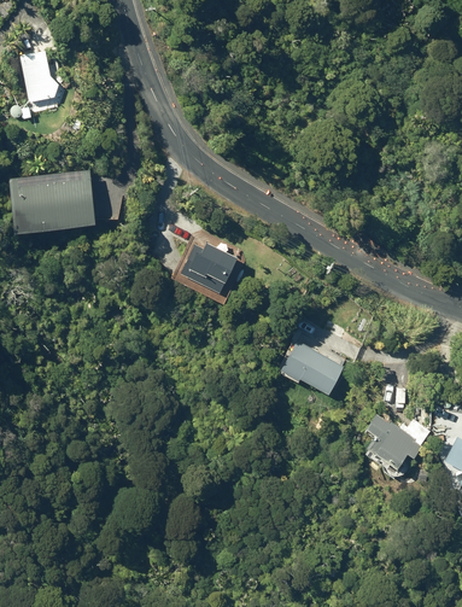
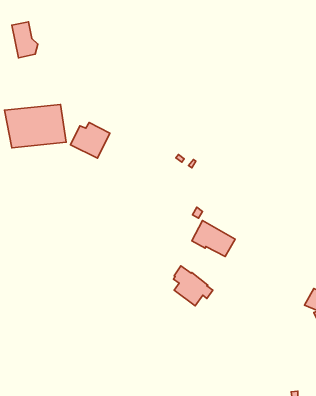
building: [180,240,236,292] -> [71,122,110,158]
building: [364,412,421,469] -> [173,266,213,306]

